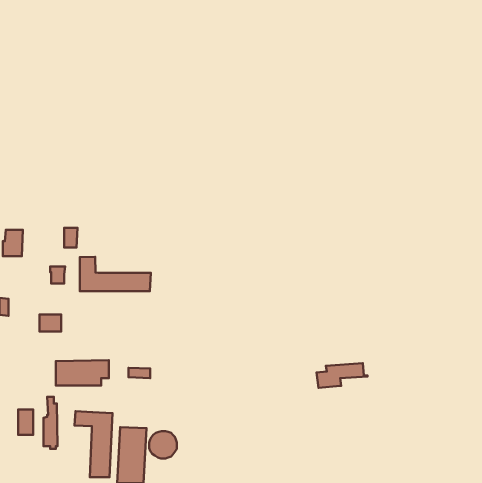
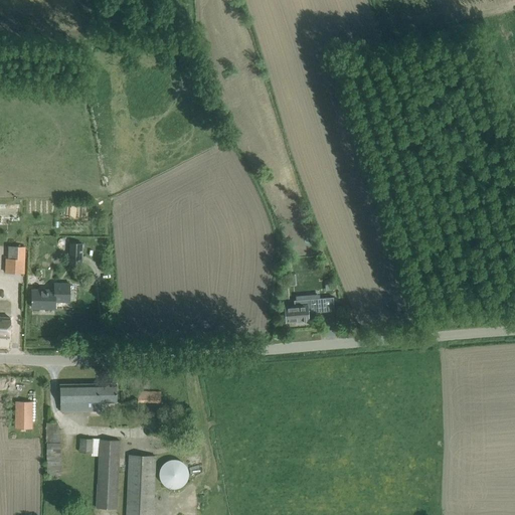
building: [80,257,151,291] -> none
building: [39,315,61,332] -> [31,290,54,308]
building: [317,363,368,388] -> [283,297,337,323]
building: [18,409,33,435] -> [15,401,31,428]

